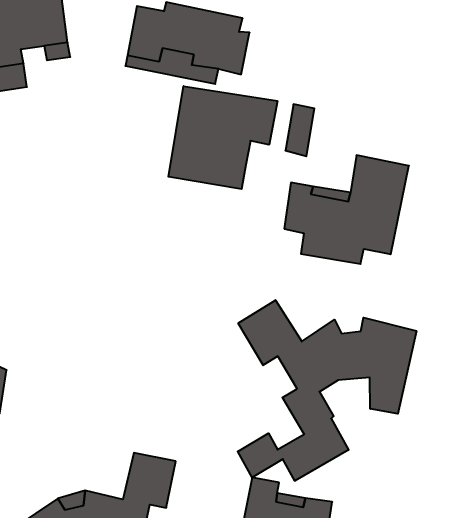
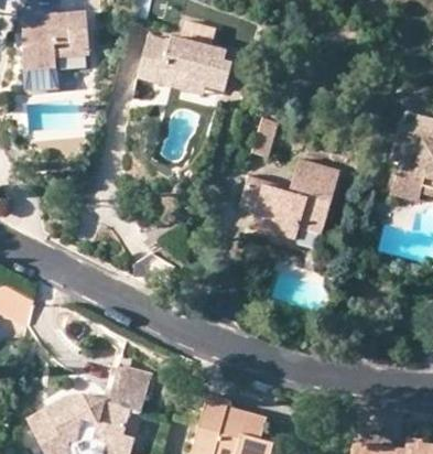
building: [168,86,277,189] -> none
building: [238,300,416,481] -> none

